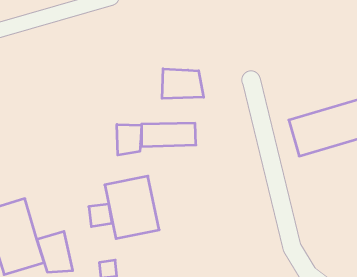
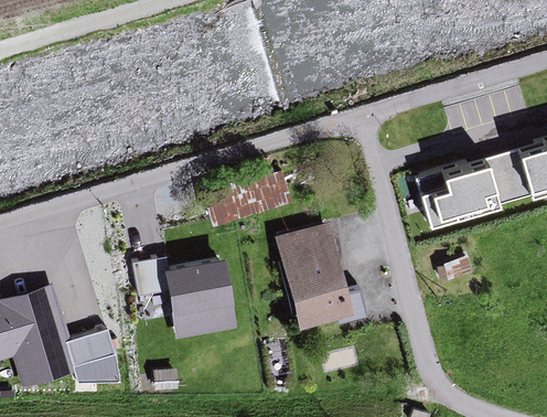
building: [162,69,204,98] -> none
building: [117,124,142,155] -> none
building: none -> [278,228,351,332]

